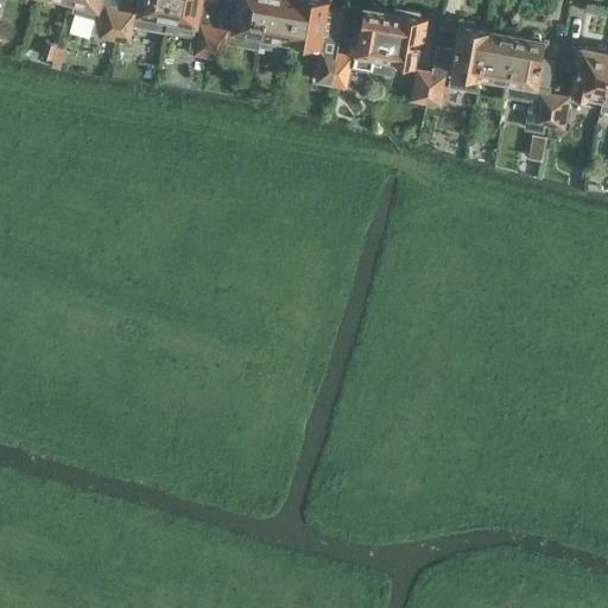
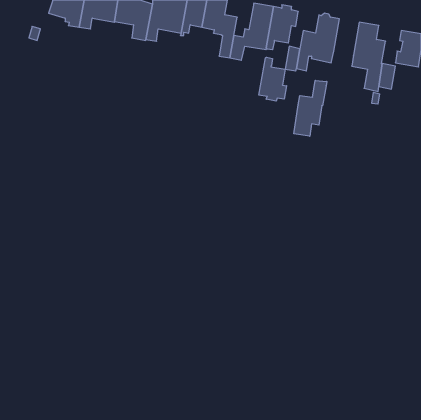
building: [481,30,518,82] -> none
building: none -> [259,57,287,101]
building: none -> [294,80,327,136]

